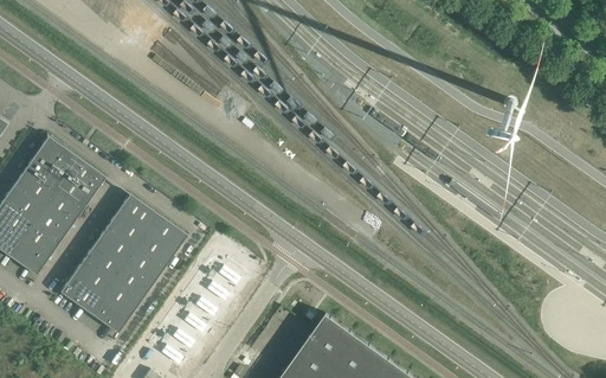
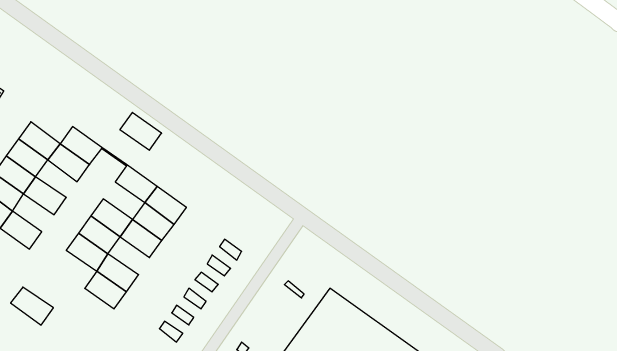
building: [37,135,77,173] -> none
building: [41,188,82,225] -> none
building: [107,210,147,246] -> [120,112,162,150]
building: [19,222,59,258] -> none
building: [111,263,152,300] -> none
building: [59,276,101,313] -> [11,287,53,325]

